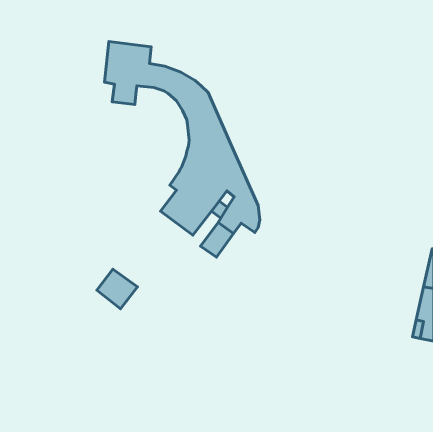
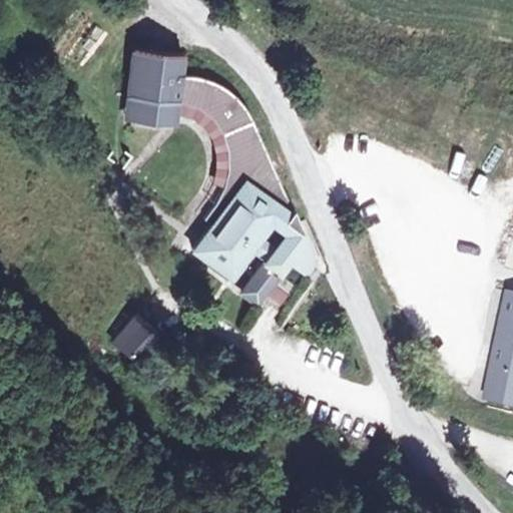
building: none -> [161,103,224,202]

